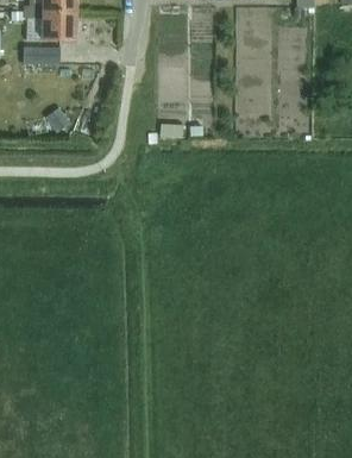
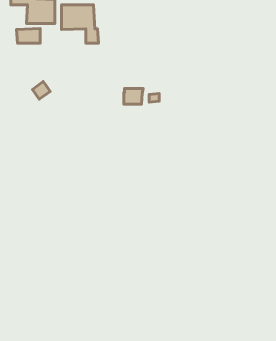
building: none -> [62,5,99,43]

